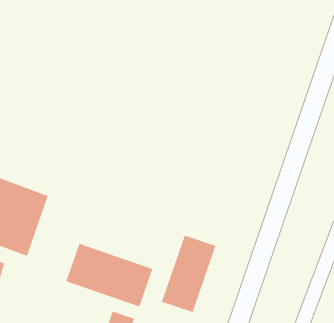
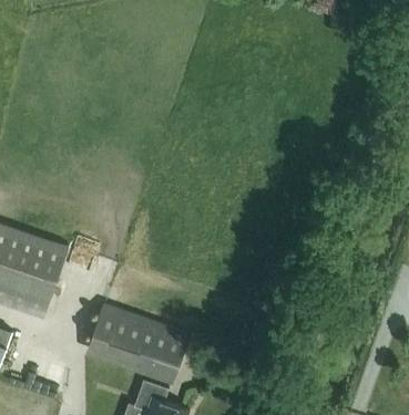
building: [161,235,216,313] -> none

